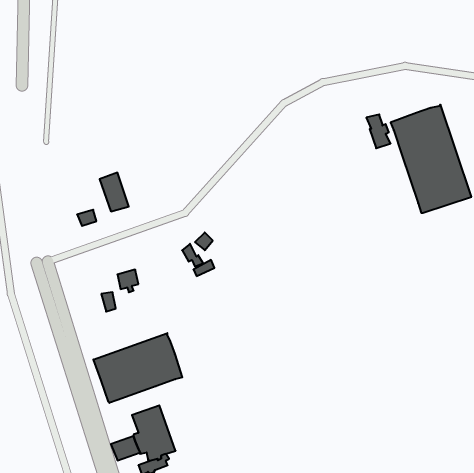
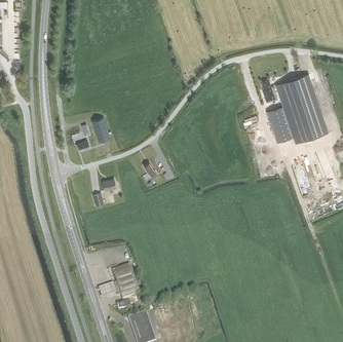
building: none -> [266,107,292,143]
building: [93,333,182,403] -> none

